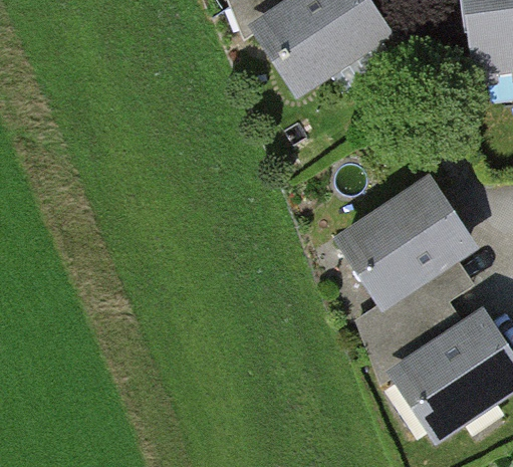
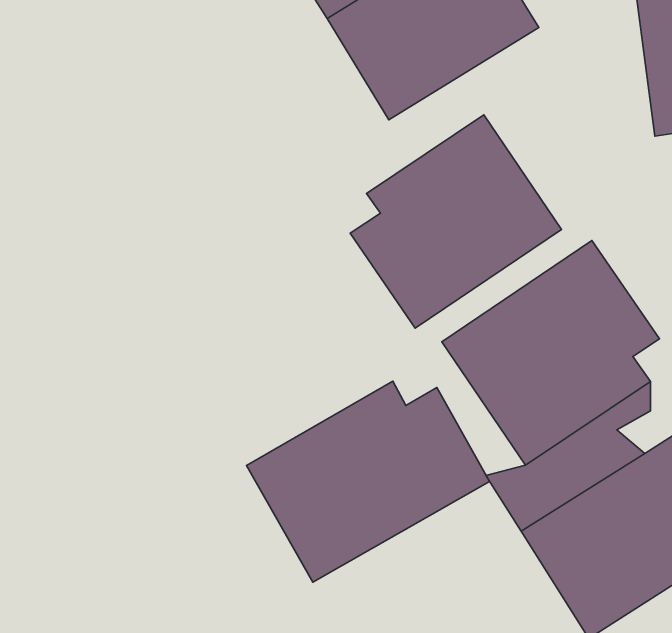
building: none -> [350,115,561,328]
building: none -> [246,381,489,582]

